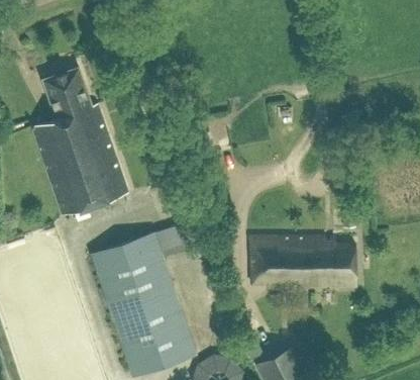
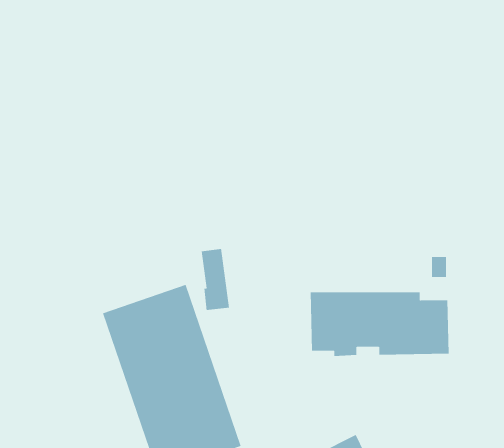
building: [32,68,128,215] -> none

